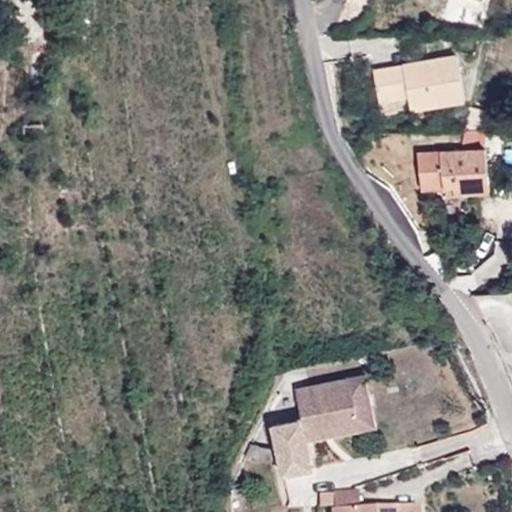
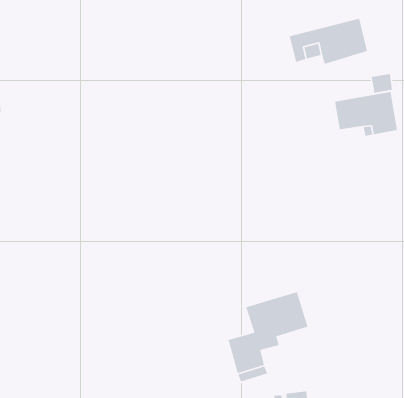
building: [327,371,375,434] -> none

